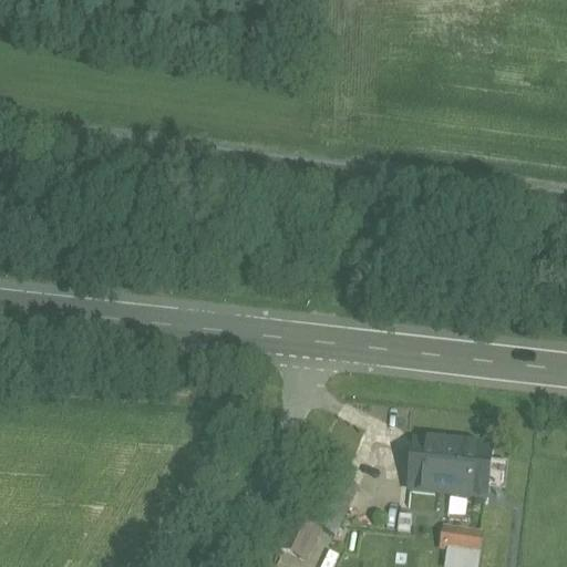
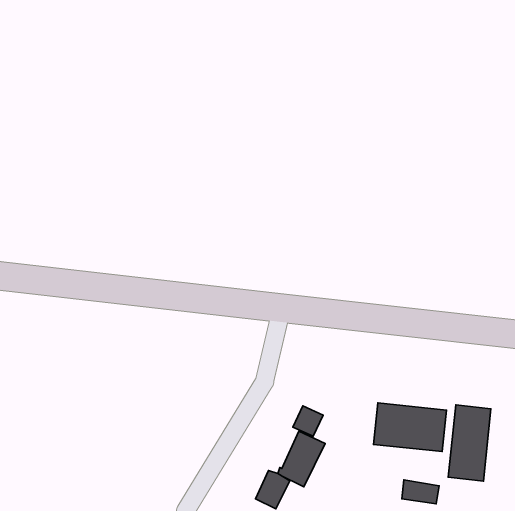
building: none -> [448,405,491,481]

